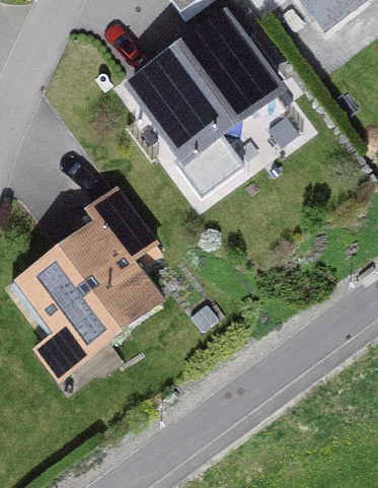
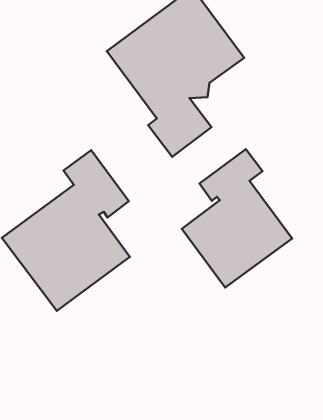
building: none -> [182,149,292,287]

